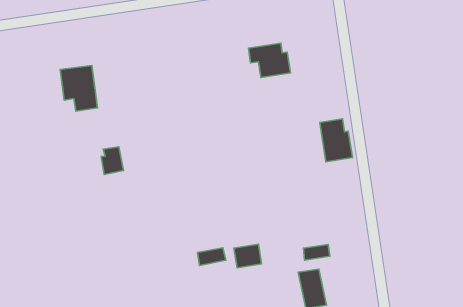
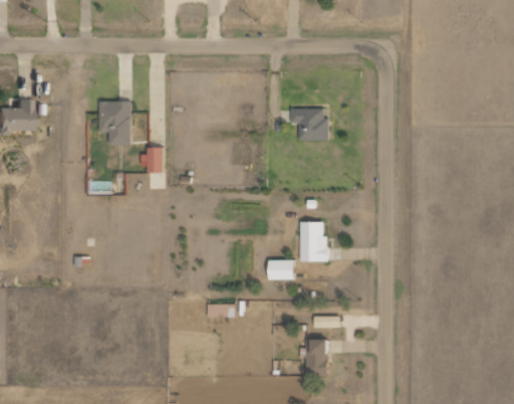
building: [320,119,352,162] -> [300,222,327,262]
building: [101,147,124,174] -> [144,148,164,173]
building: [234,244,262,268] -> [268,260,293,280]

